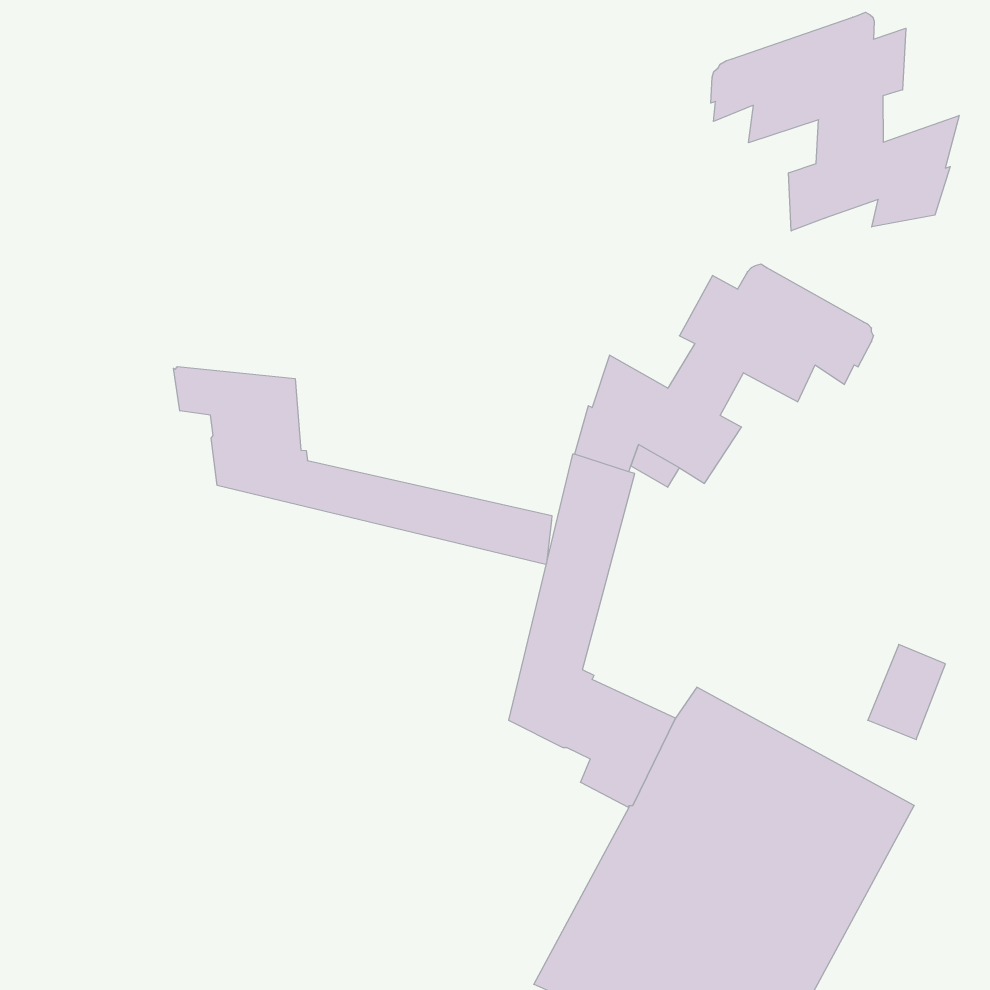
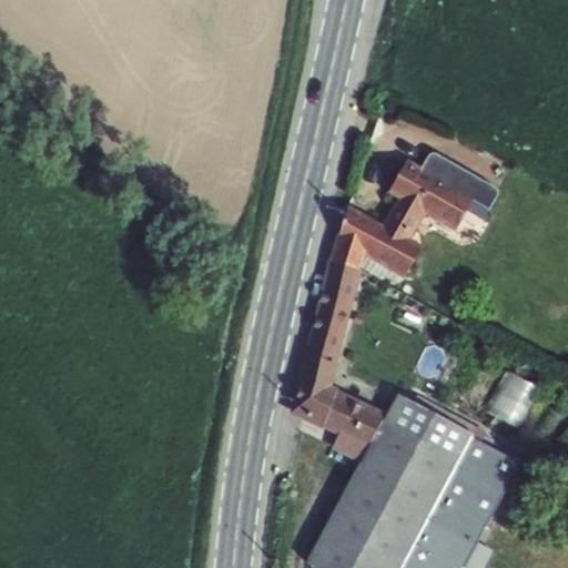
building: [711,12,959,231] -> none
building: [173,367,552,564] -> none

